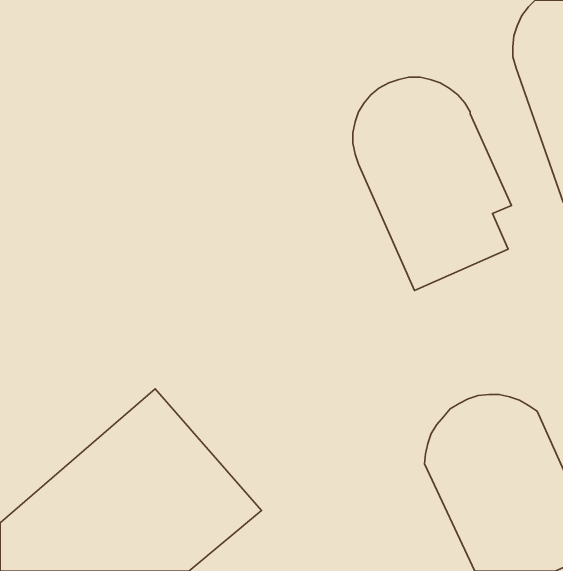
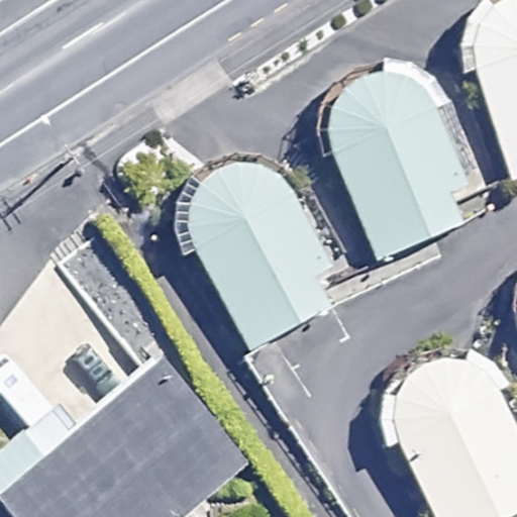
building: none -> [185,163,333,351]

